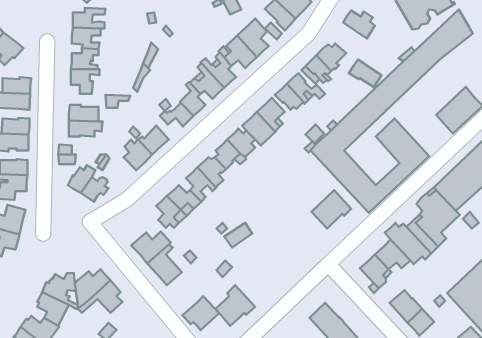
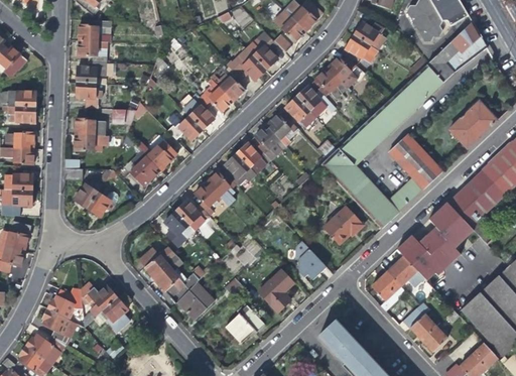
building: [349,59,382,87] -> [346,34,379,62]
building: none -> [296,240,328,278]
building: none -> [259,267,295,310]
building: [183,296,219,330] -> [175,282,213,317]

